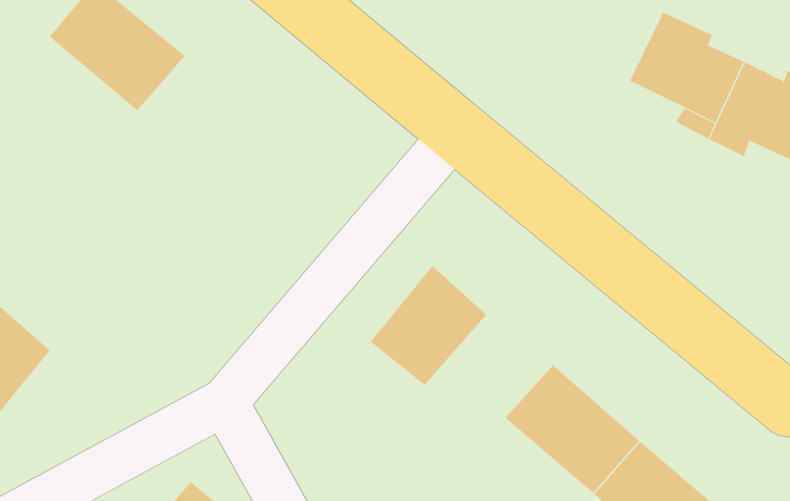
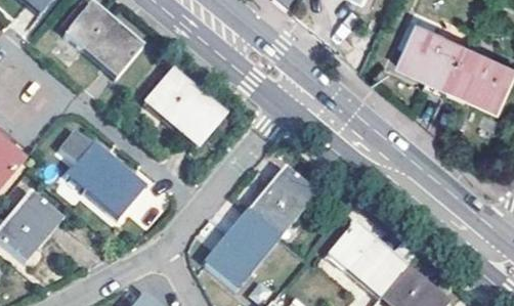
building: none -> [144,69,223,143]
building: none -> [62,125,145,214]
building: none -> [207,209,282,287]

